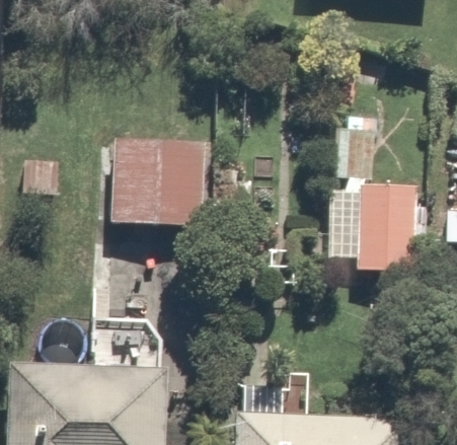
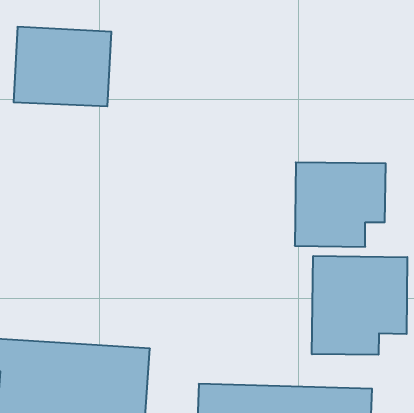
building: [106,140,208,222] -> [14,27,111,106]
building: none -> [312,256,407,355]

